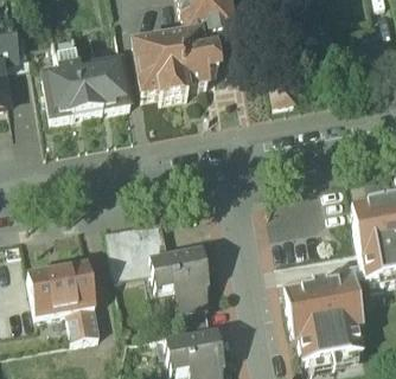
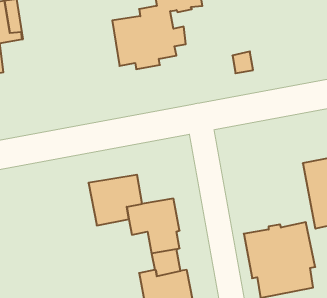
building: [43,36,130,117] -> none
building: [27,262,100,338] -> none

